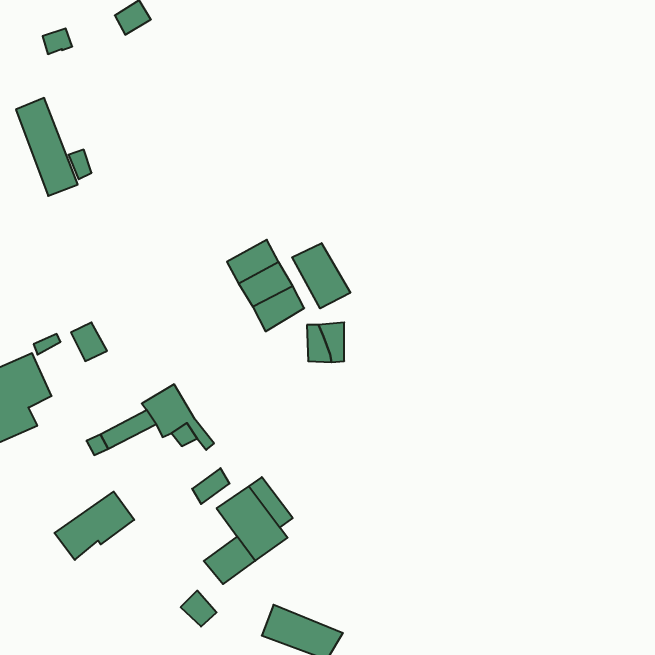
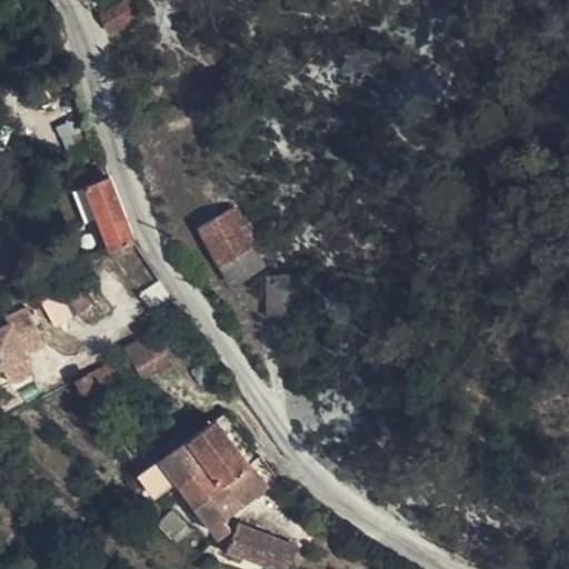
building: [16,98,78,196] -> [80,169,133,253]
building: [292,243,350,308] -> none
building: [54,492,134,560] -> [136,441,204,500]
building: none -> [192,467,264,539]

